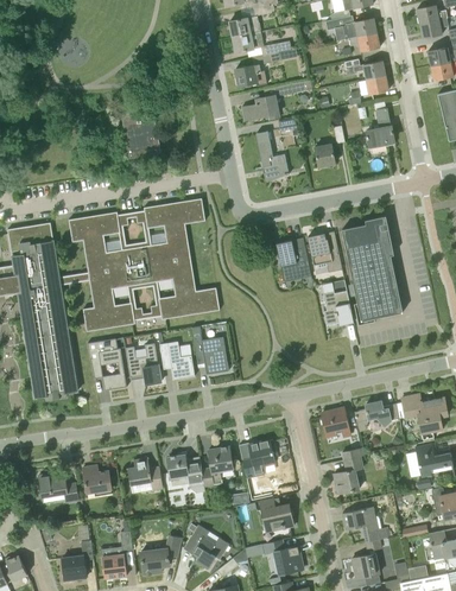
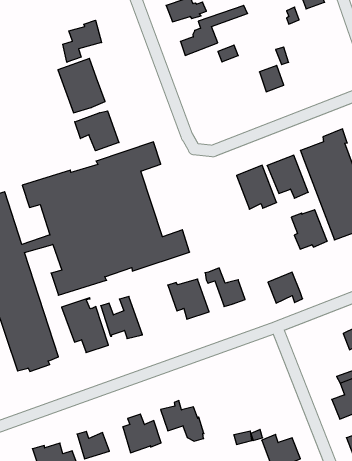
building: none -> [63,20,102,62]
building: [367,109,394,148] -> none
building: [256,131,290,177] -> none
building: none -> [75,111,119,151]
building: [160,342,195,380] -> [205,268,245,307]
building: [321,408,352,438] -> [268,272,303,303]
building: [240,440,276,477] -> none
building: [203,446,234,487] -> none

